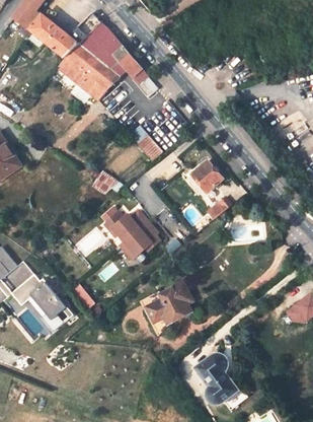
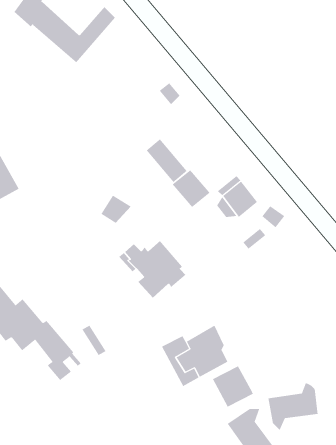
building: [61,22,141,101] -> none
building: none -> [172,170,210,208]
building: none -> [212,366,253,407]
building: none -> [268,382,318,431]

